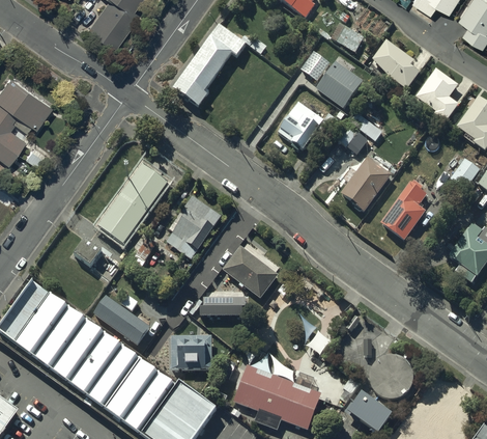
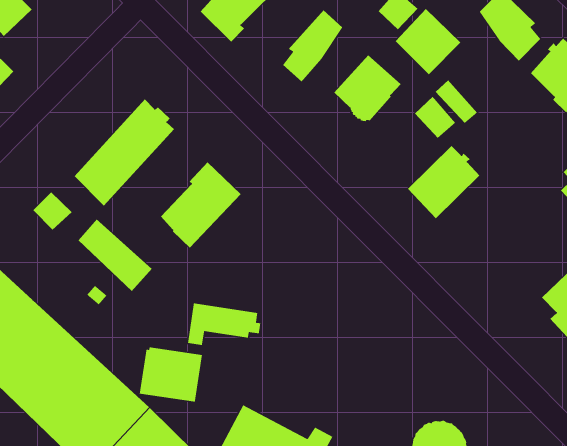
building: none -> [282,10,343,83]
building: [380,180,427,242] -> none
building: [222,247,278,299] -> none
building: [93,297,150,346] -> [77,218,153,292]

